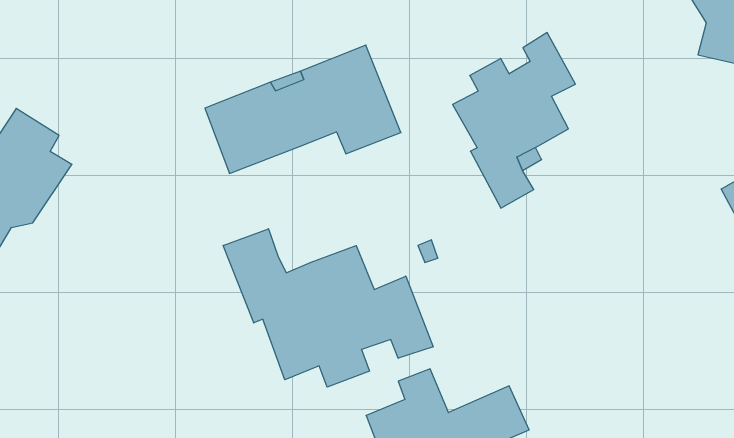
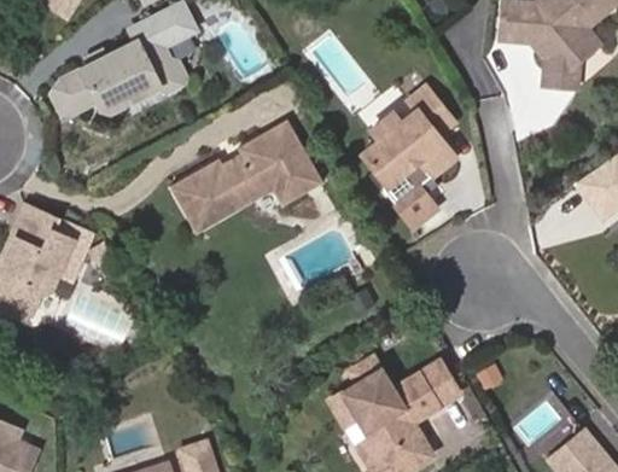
building: [223,229,433,387] -> none

